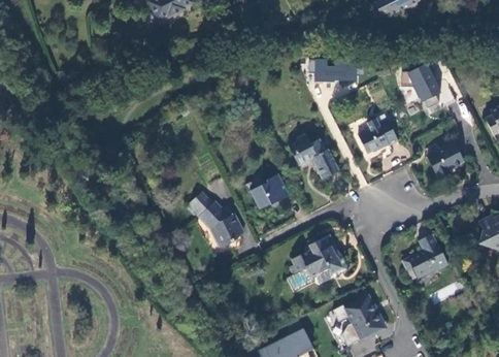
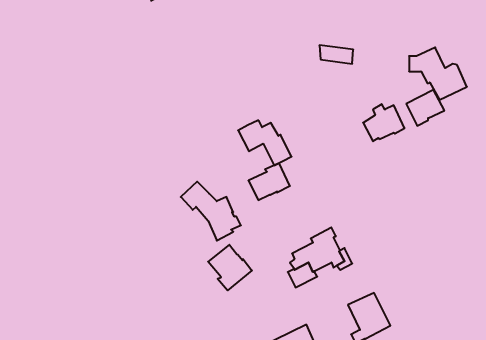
building: [288,137,338,180] -> [238,121,292,165]
building: [427,142,463,176] -> [406,90,444,126]
building: [401,234,448,278] -> none
building: none -> [208,245,252,290]

